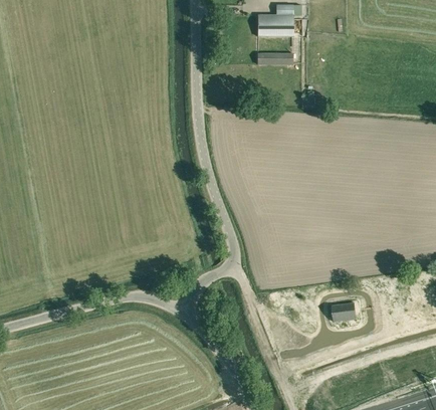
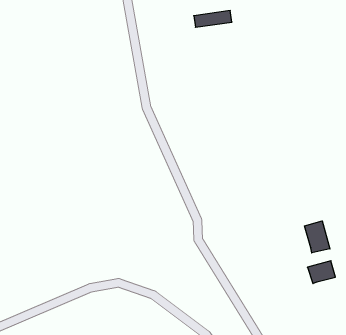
building: none -> [304,221,330,253]

